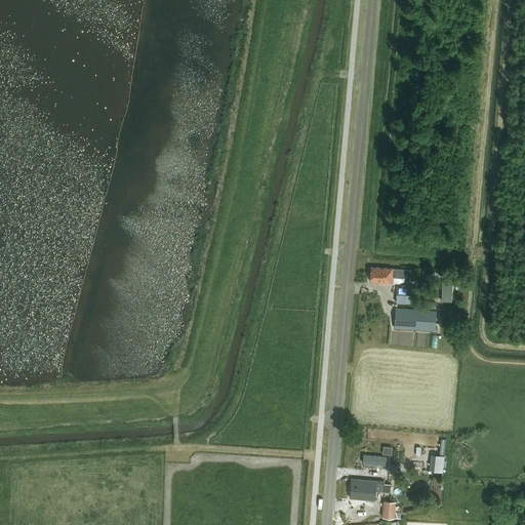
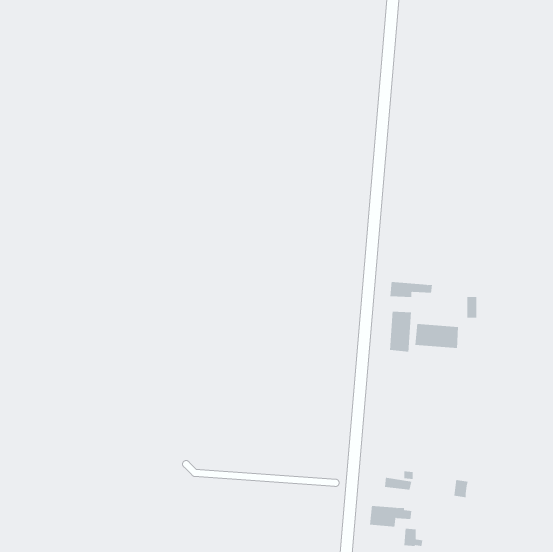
building: none -> [390,311,412,352]

